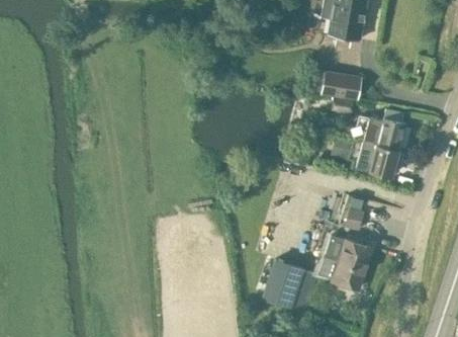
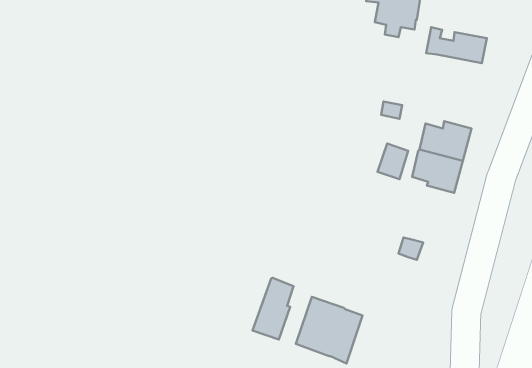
building: [311,71,361,100] -> [426,27,487,63]
building: [318,233,372,288] -> none
building: none -> [253,278,293,340]

